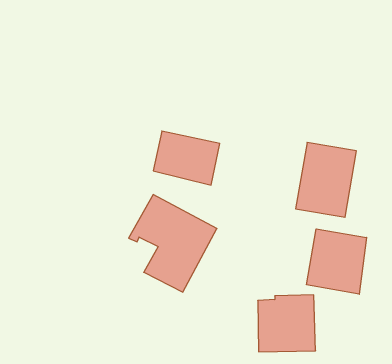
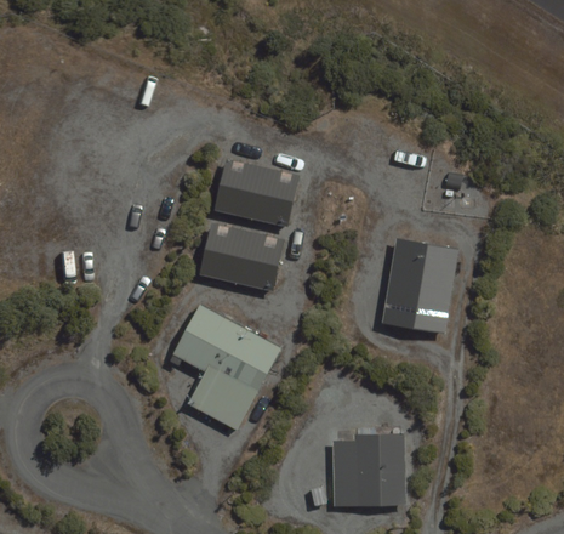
building: none -> [213,159,298,227]
building: [307,229,367,294] -> none

